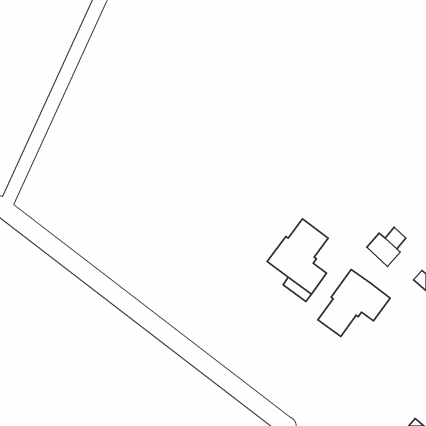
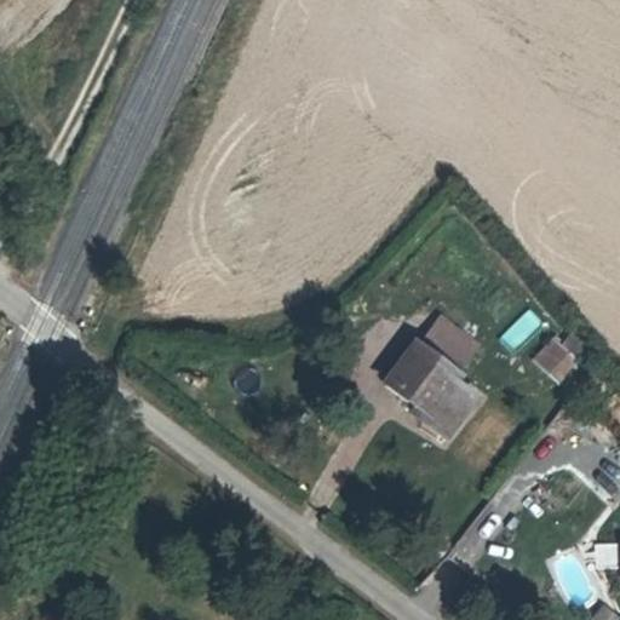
building: [318,270,390,336] -> none

